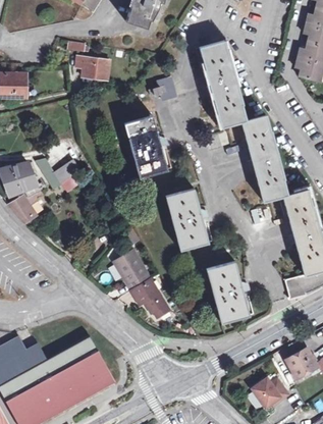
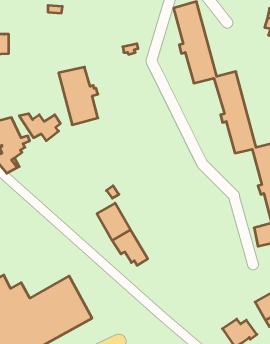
building: [67,59,103,81] -> none
building: [121,114,163,175] -> [59,67,98,125]
building: [162,188,204,250] -> none
building: [202,262,246,323] -> none

